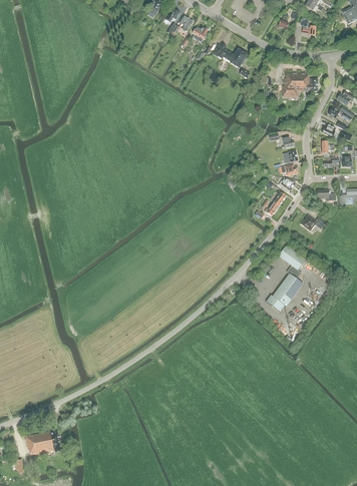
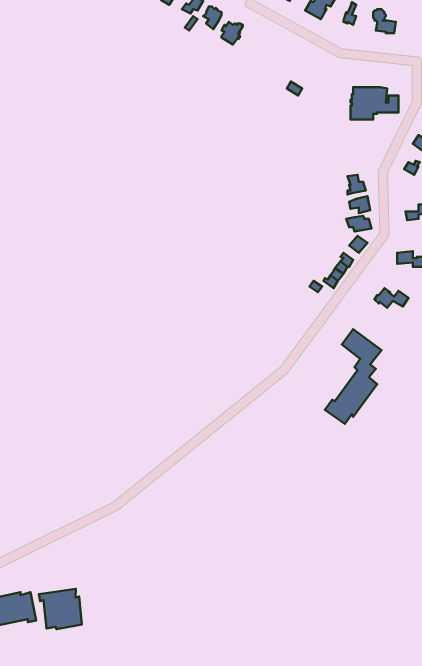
building: [213,42,247,67] -> none
building: none -> [39,589,82,629]

